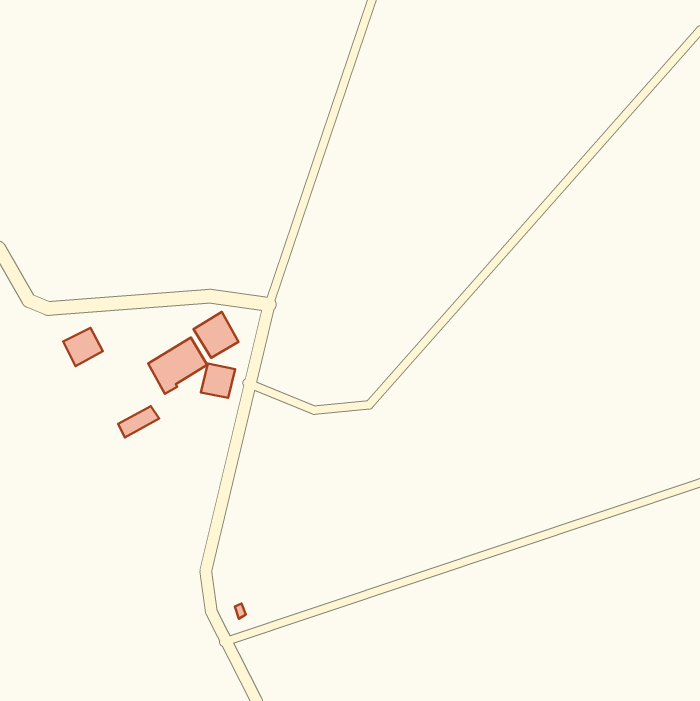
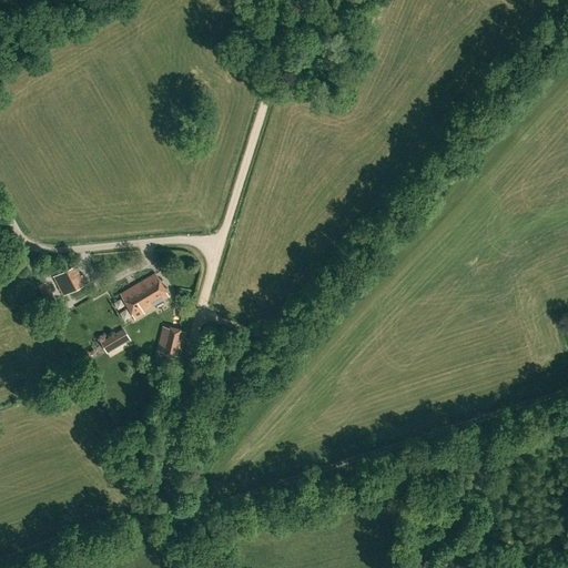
building: [194,312,239,358] -> none
building: [201,364,235,398] -> [156,327,184,355]

